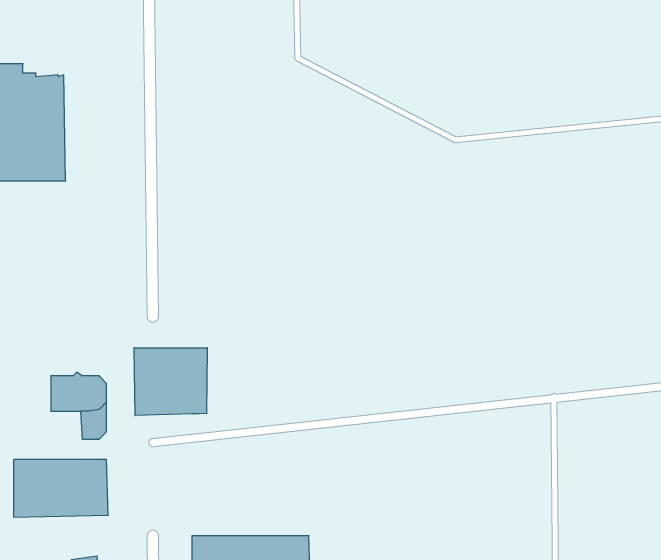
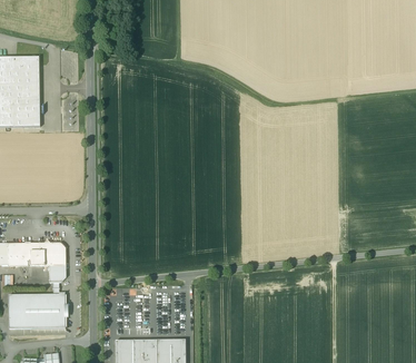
building: [134,348,207,416] -> none
building: none -> [8,244,31,265]

